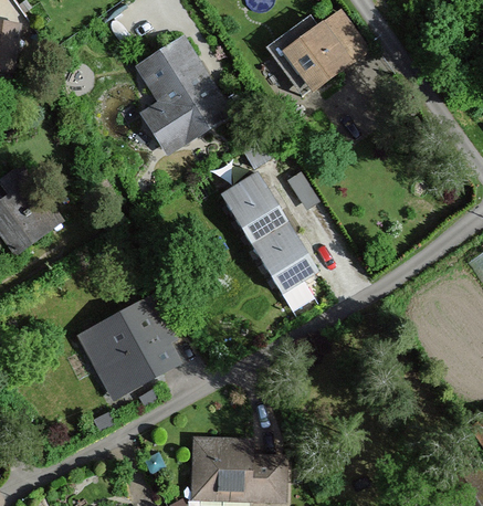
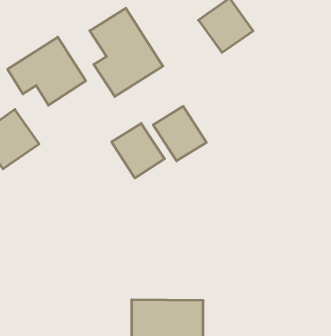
building: none -> [8,37,86,105]
building: [252,219,325,294] -> [112,123,165,178]
building: [74,296,179,399] -> none

